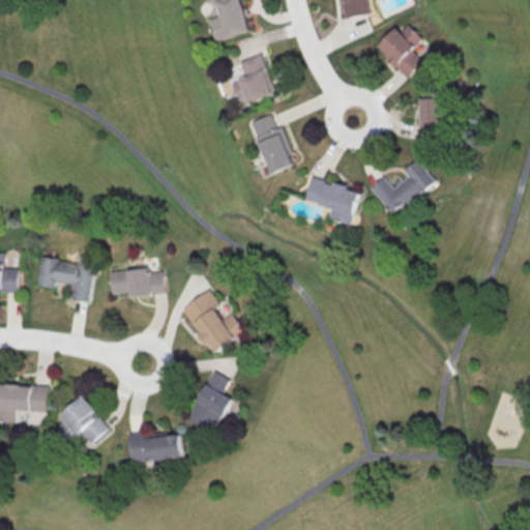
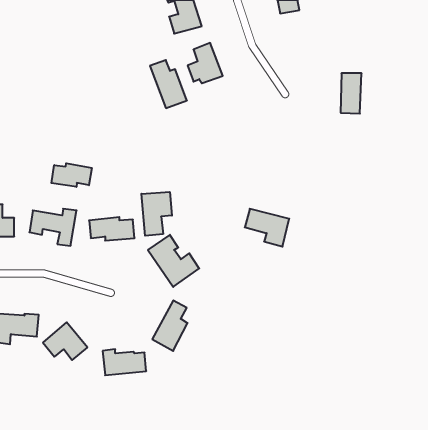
building: [377,24,423,76] -> none
building: [251,114,296,173] -> [150,60,187,108]
building: [371,158,435,214] -> none
building: [305,177,360,224] -> [245,209,289,247]
building: none -> [51,163,92,187]
building: none -> [141,192,172,236]

